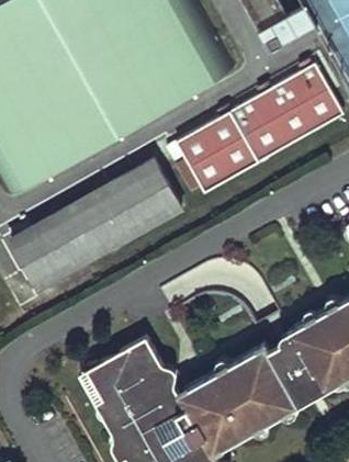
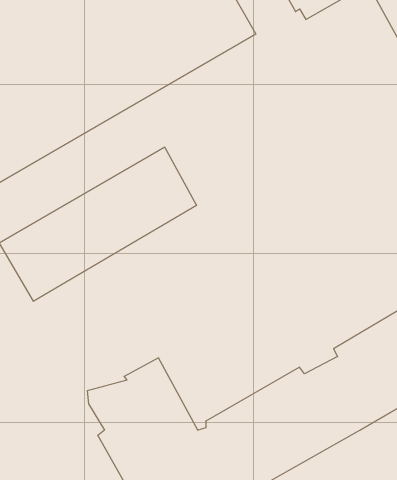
building: [175,67,342,195] -> none

